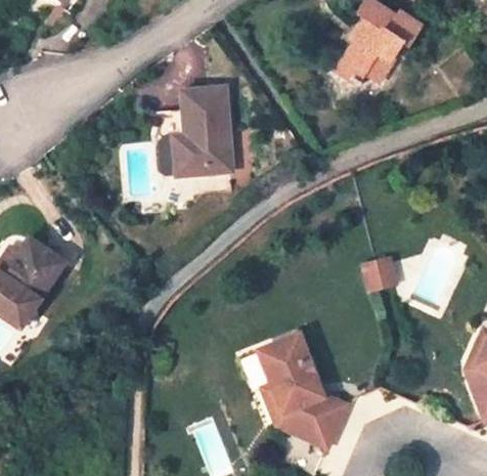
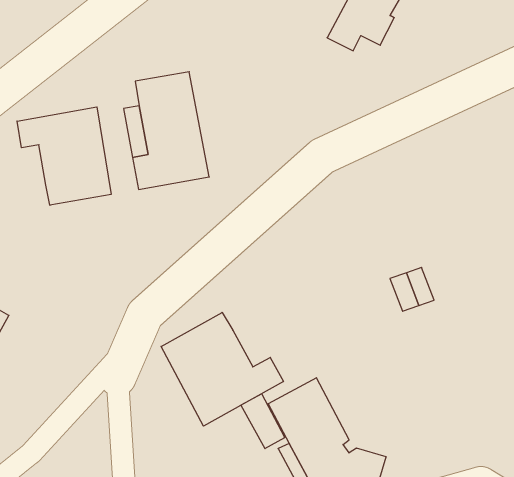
building: none -> [17,107,111,205]
building: none -> [161,312,283,426]

